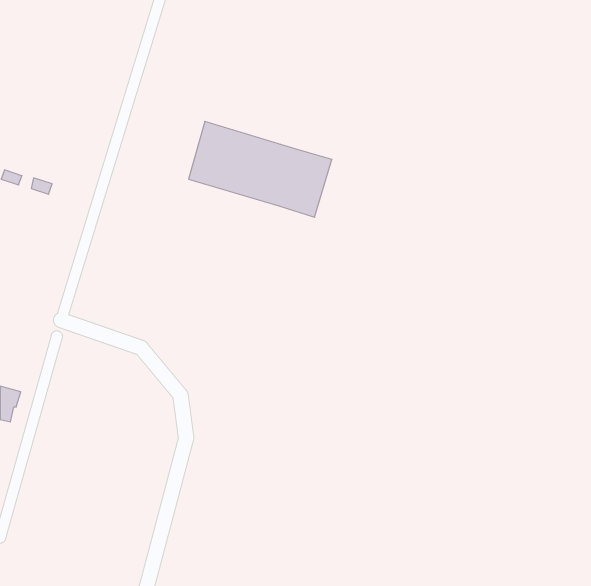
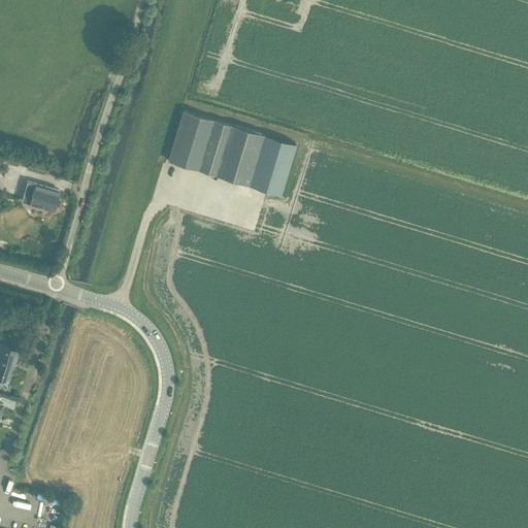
building: none -> [30,187,59,213]

